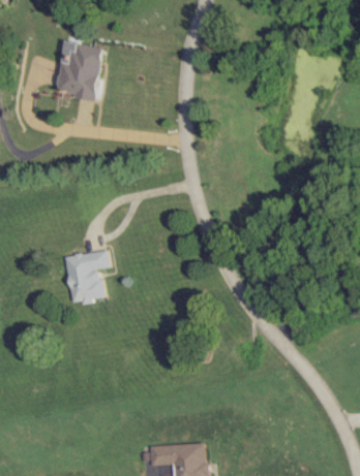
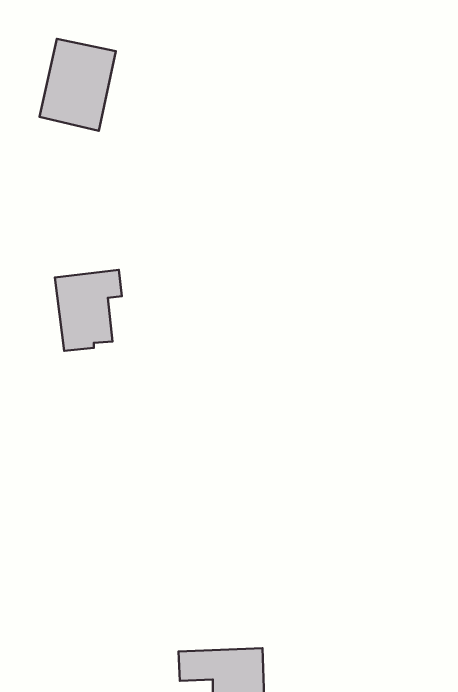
building: [64,250,109,304] -> [55,270,122,351]

